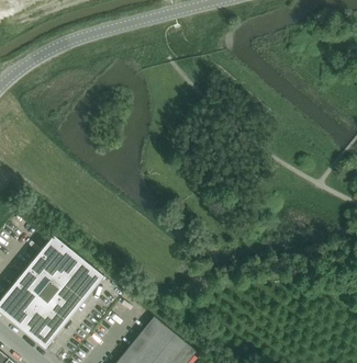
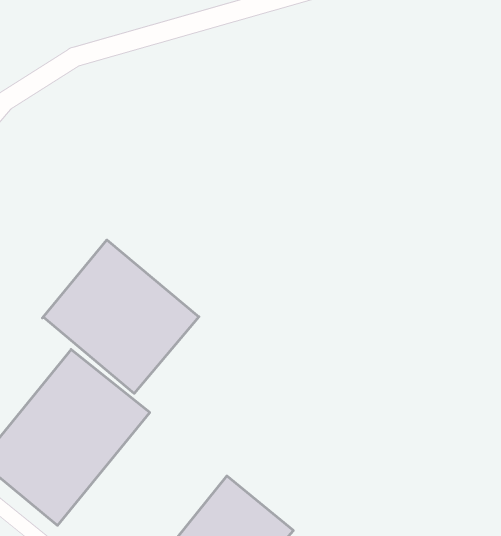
building: none -> [42,240,199,393]

